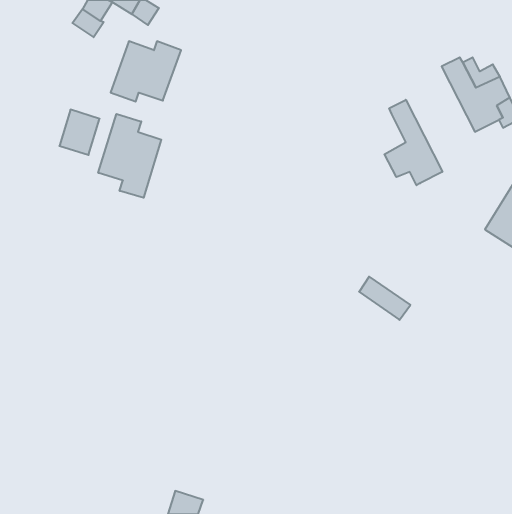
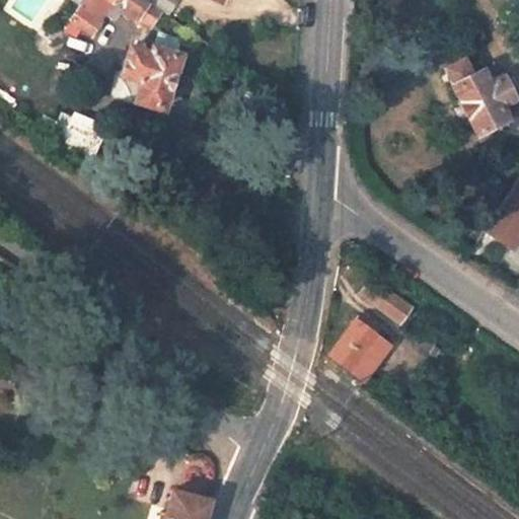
building: [384,100,442,185] -> none
building: [98,114,161,198] -> none
building: none -> [329,319,391,375]

